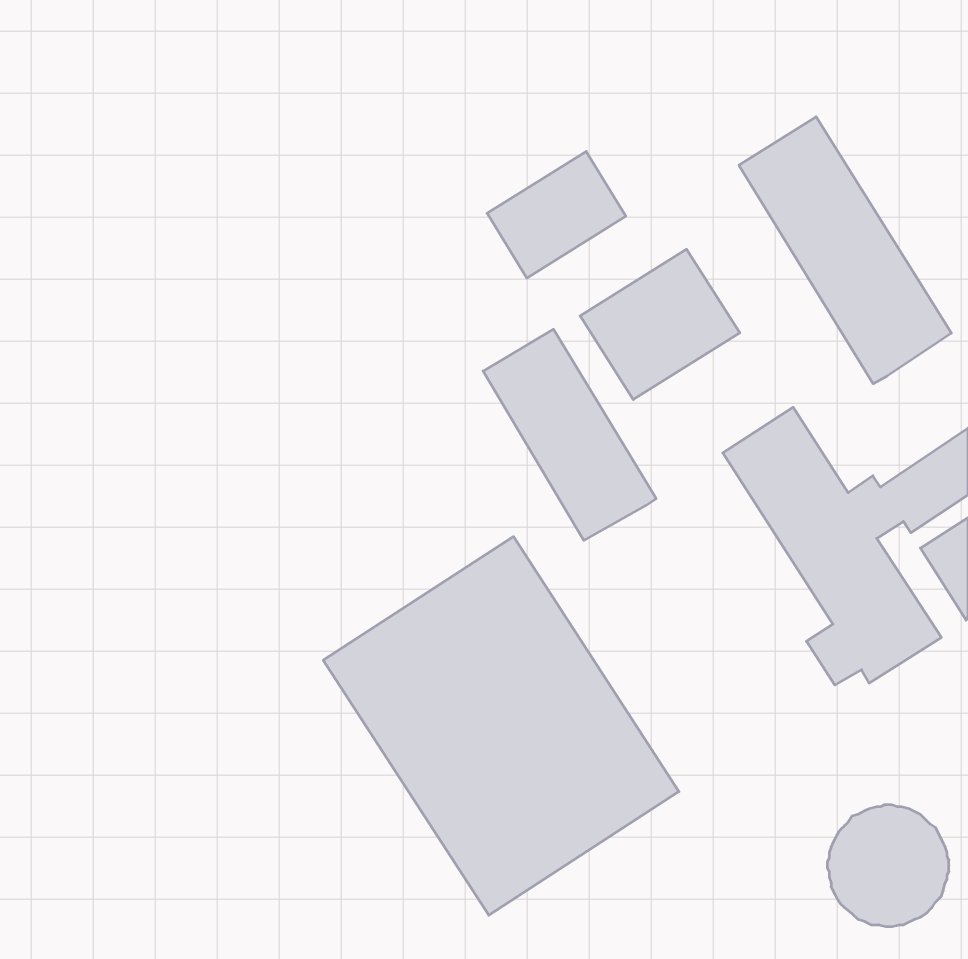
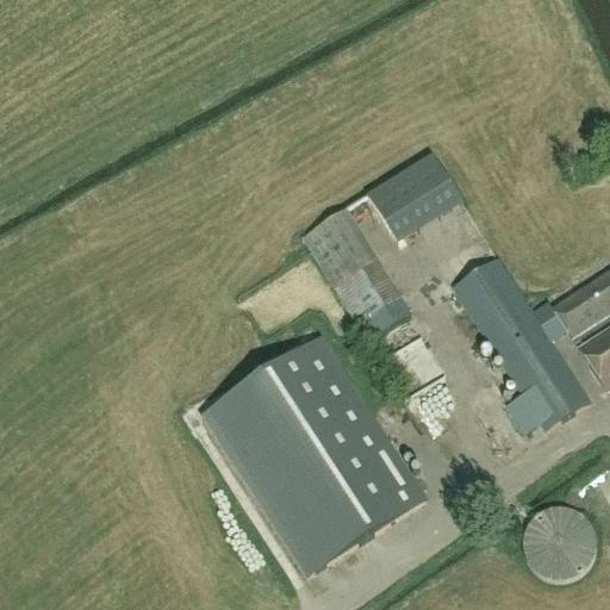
building: [739,117,951,384] -> none
building: [487,151,626,278] -> none

